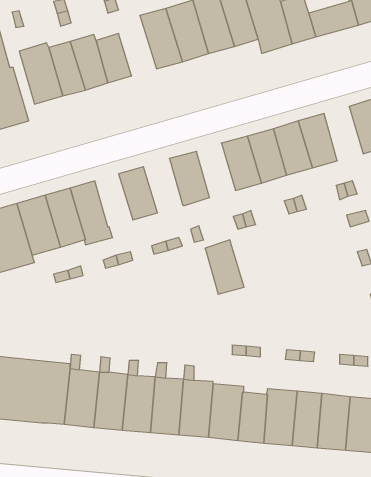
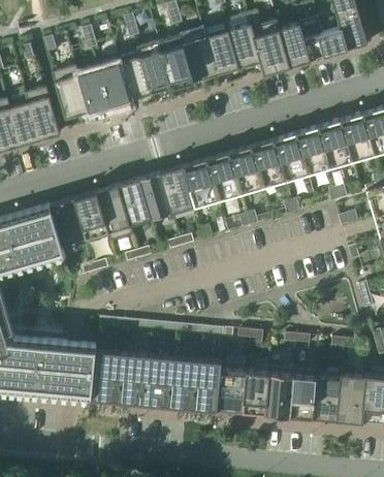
building: none -> [136,41,171,94]
building: none -> [318,121,352,168]
building: none -> [160,166,194,214]
building: none -> [118,180,151,226]
building: [205,240,244,294] -> [206,153,241,200]

